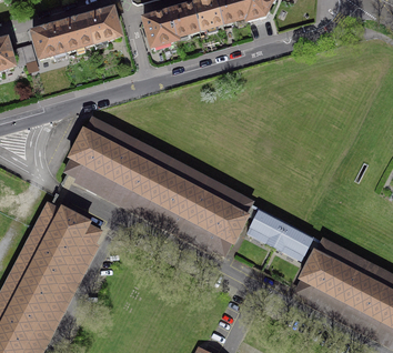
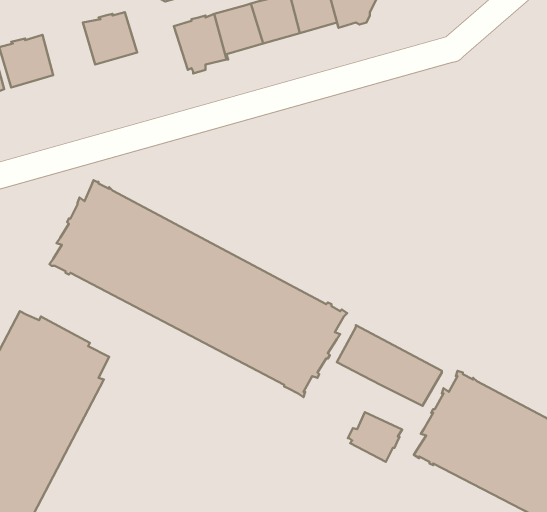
building: [61,16,94,49] -> none
building: none -> [348,412,402,462]

